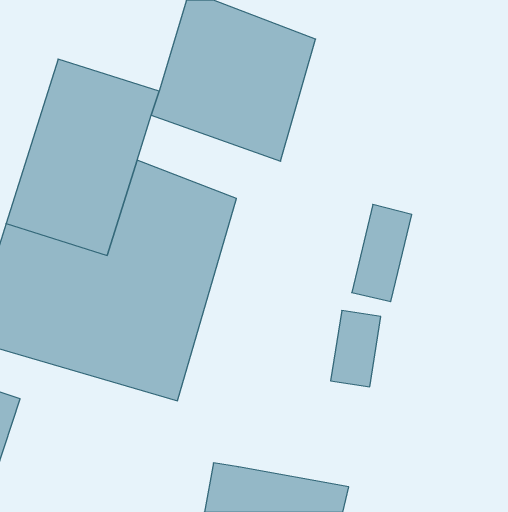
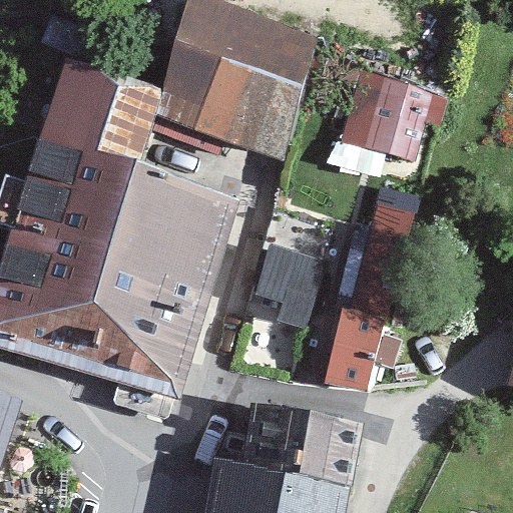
building: none -> [363,75,437,163]
building: none -> [244,243,330,334]
building: none -> [238,401,360,487]

